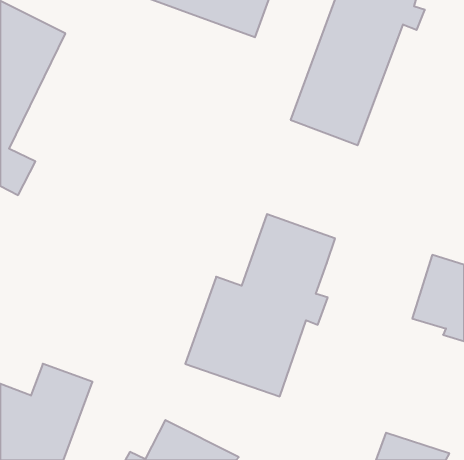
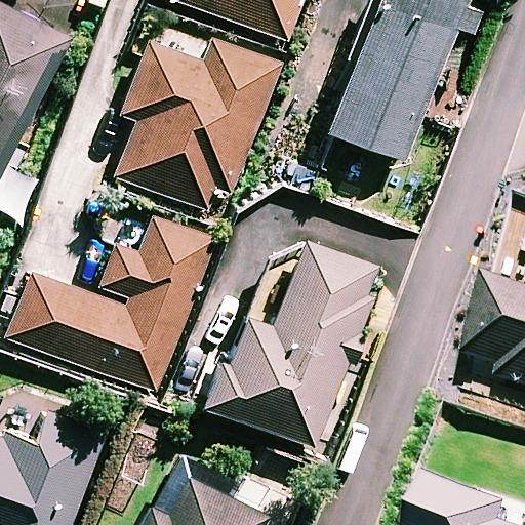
building: none -> [118,41,272,209]
building: none -> [9,217,212,392]

